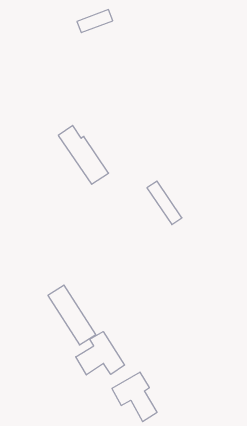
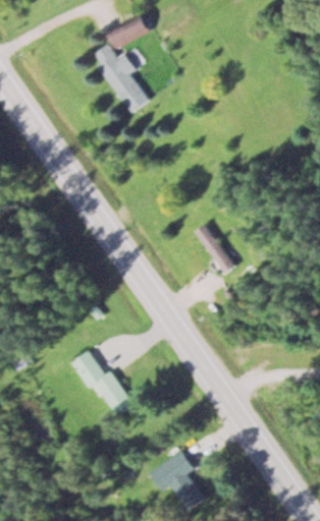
building: [58,125,109,184] -> [90,43,150,113]
building: [76,332,125,375] -> none

